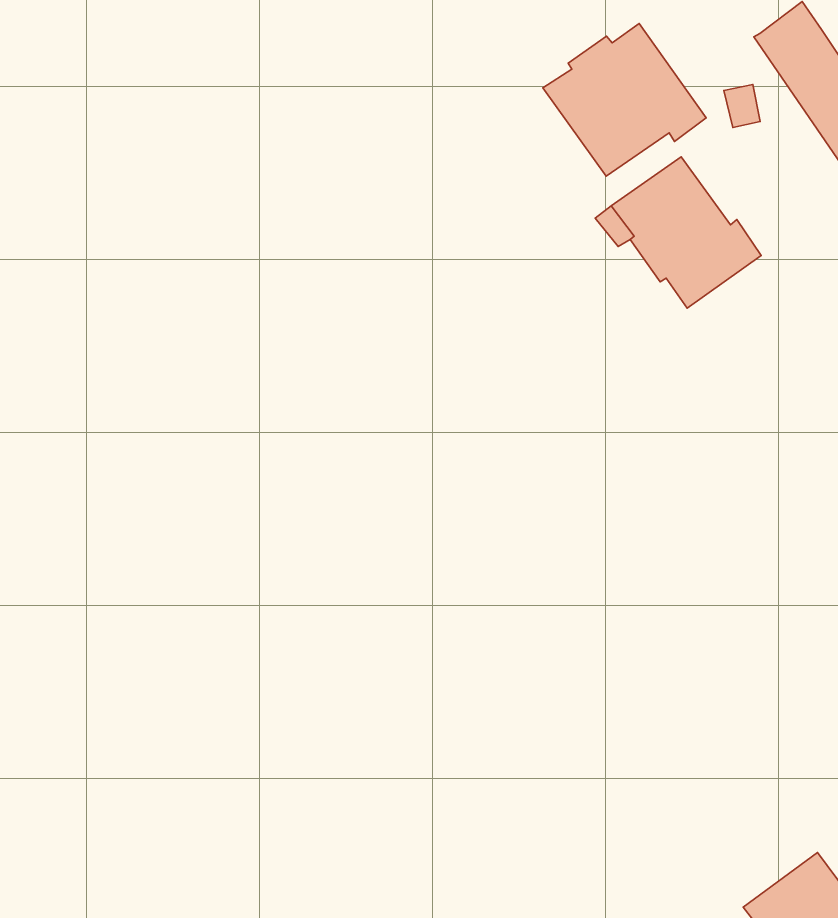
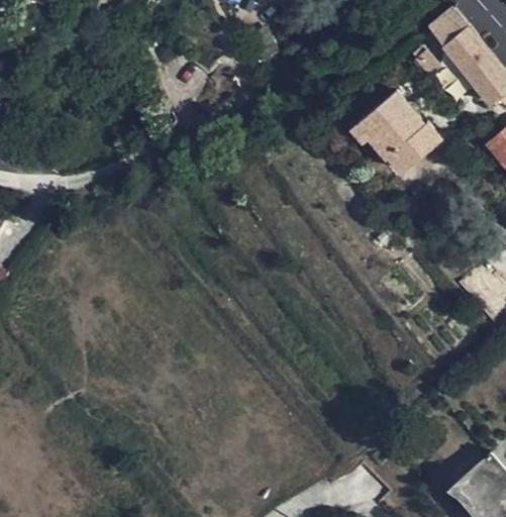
building: [543,23,706,176] -> none

